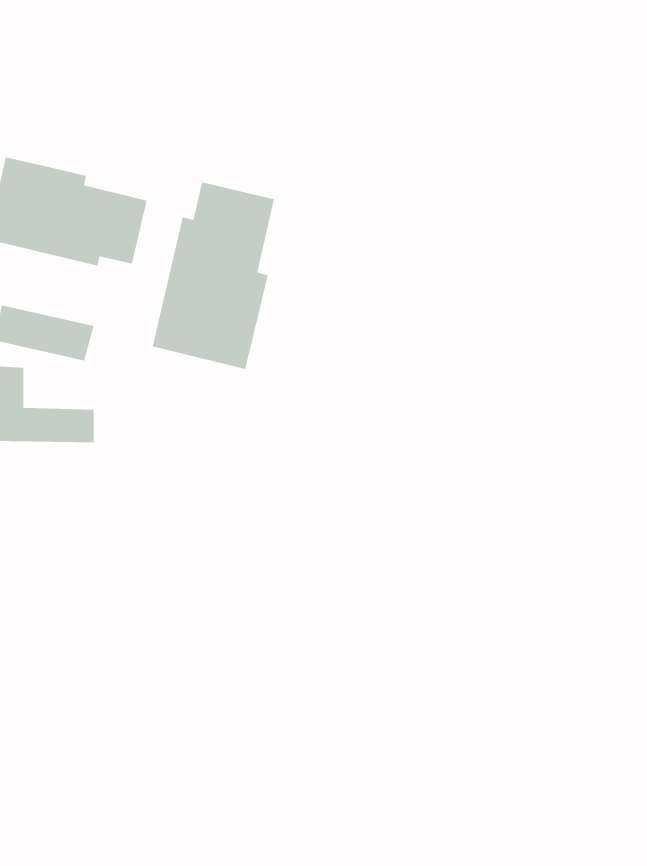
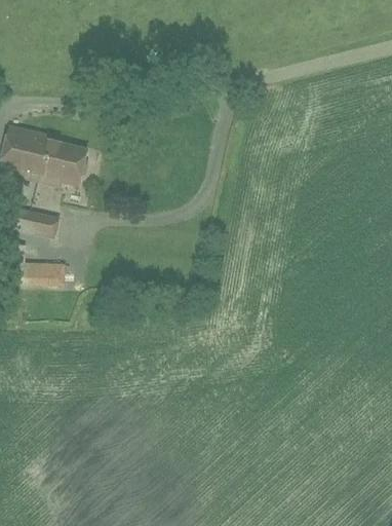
building: [152,182,275,370] -> none

